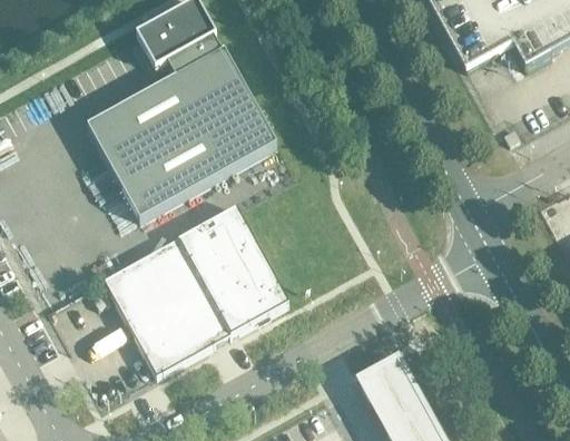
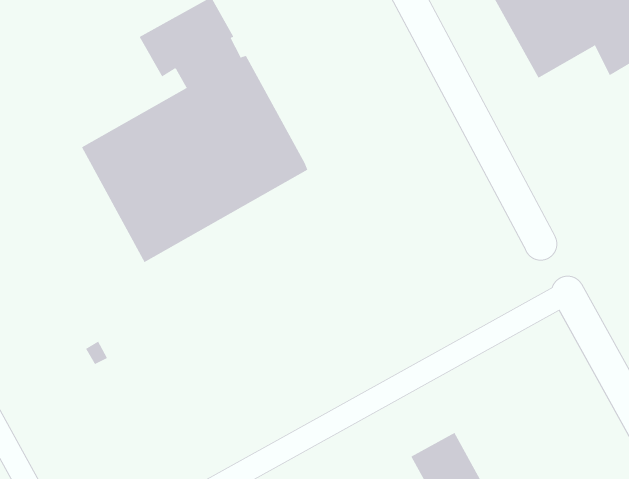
building: [104,205,288,373] -> none

